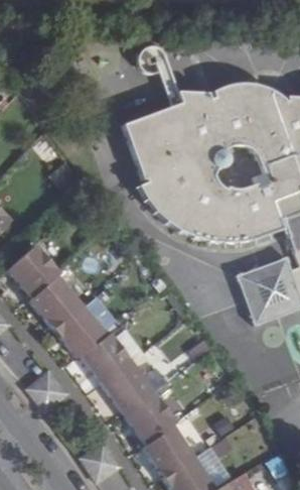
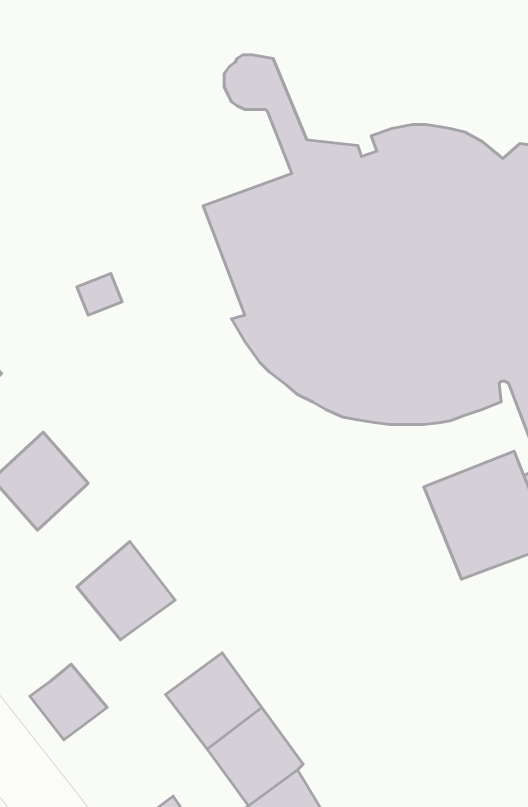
building: [30,276,82,330] -> none
building: [80,335,131,387] -> none

